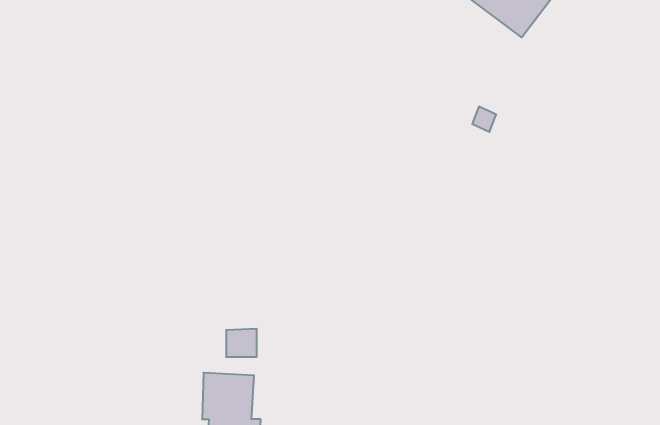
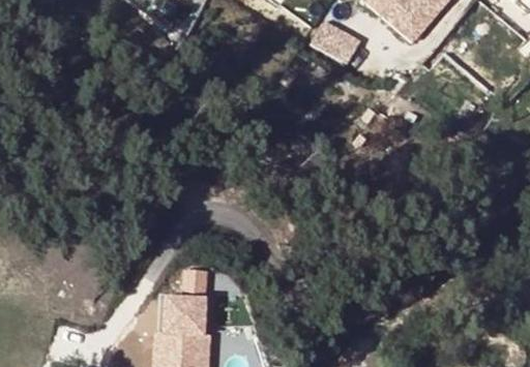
building: none -> [318,17,365,58]

